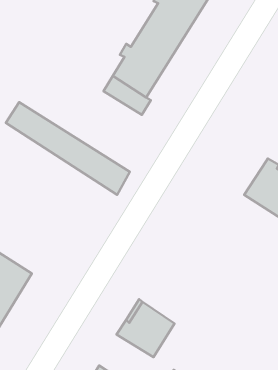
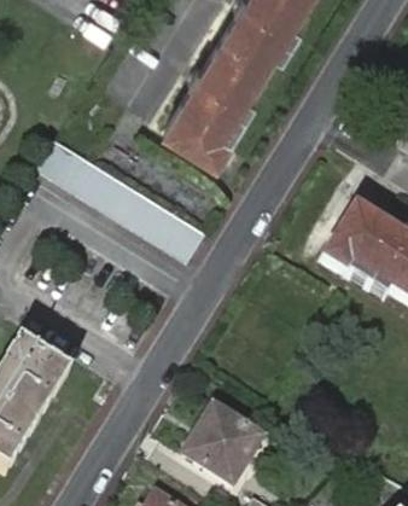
building: none -> [325,202,380,268]

